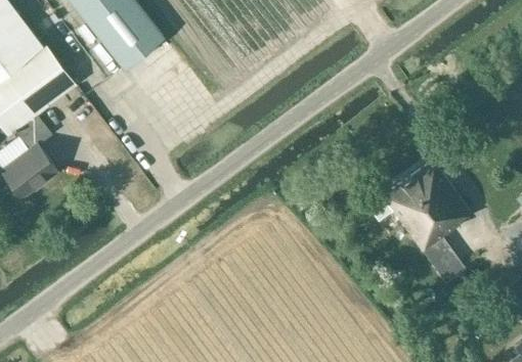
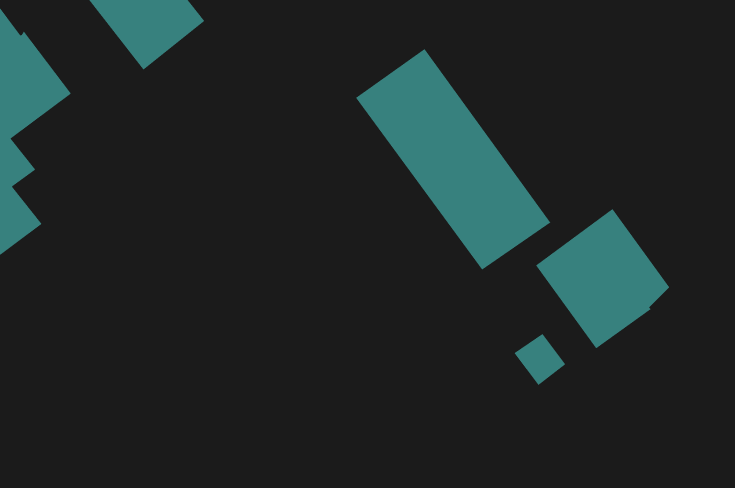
building: none -> [355,48,551,271]
building: [427,247,462,282] -> [513,333,566,386]

